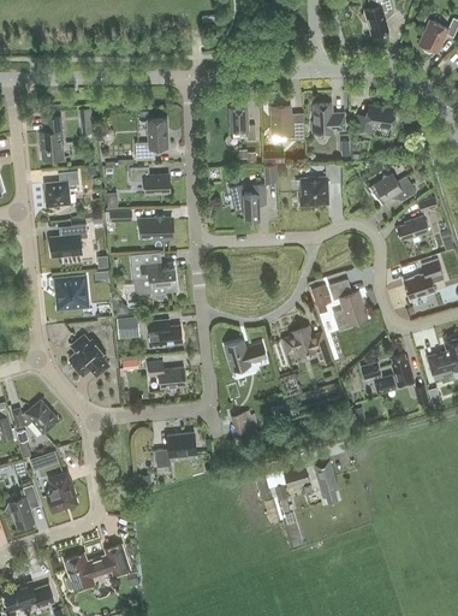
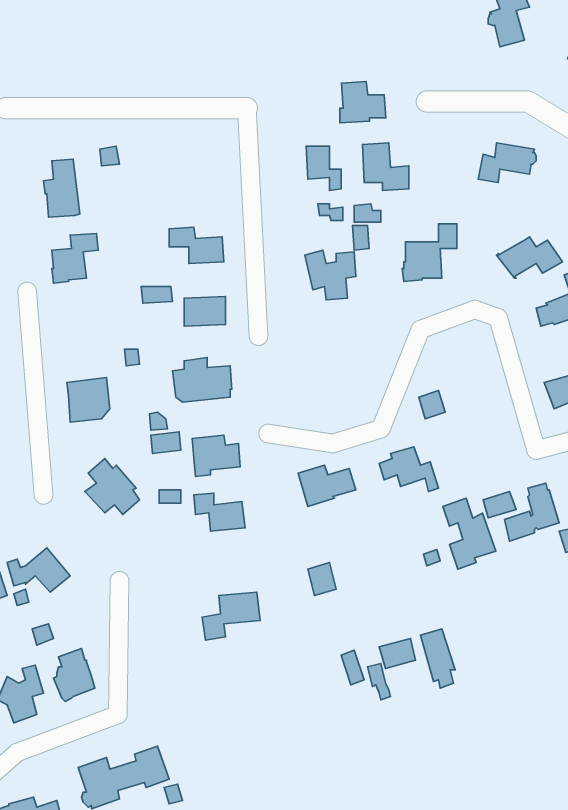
building: [311,102,345,132] -> [340,82,386,123]
building: [135,118,167,159] -> none
building: [49,224,87,256] -> none
building: [328,279,367,331] -> [443,498,496,569]

